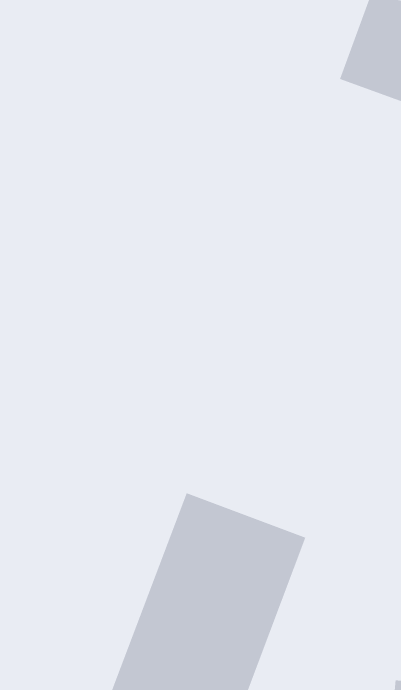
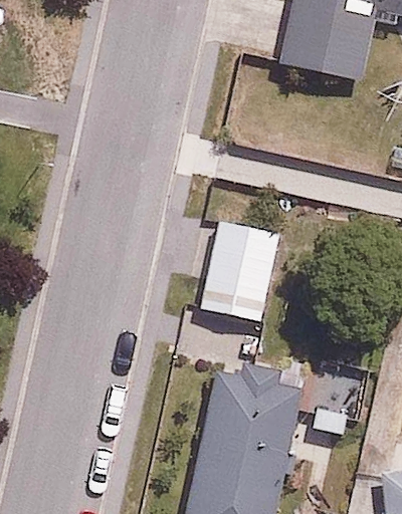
building: none -> [197,219,279,322]

